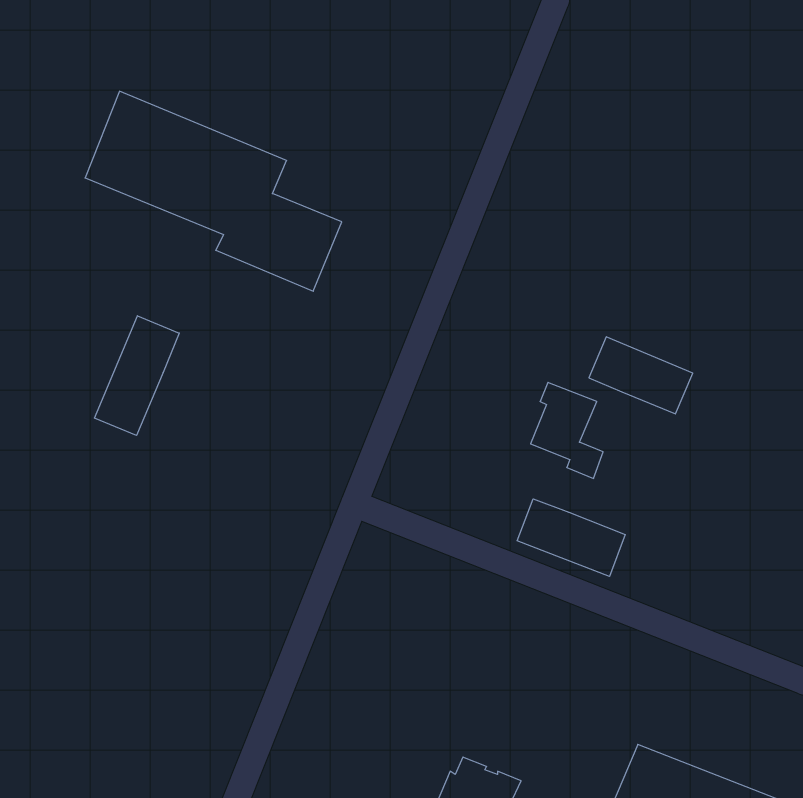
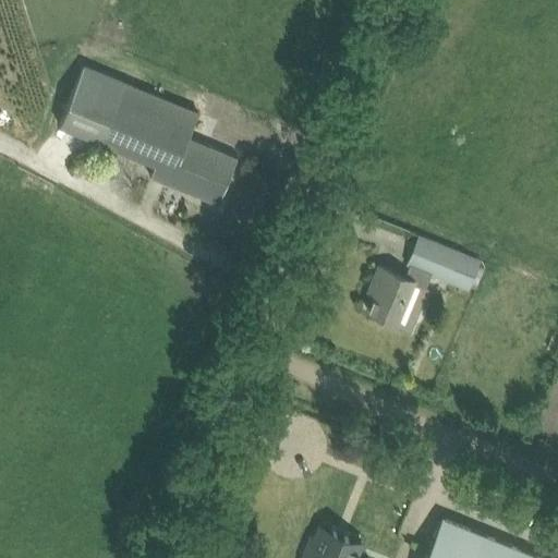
building: [95,316,179,435] -> none
building: [517,499,625,576] -> none

